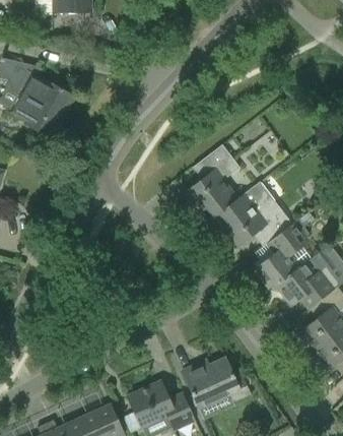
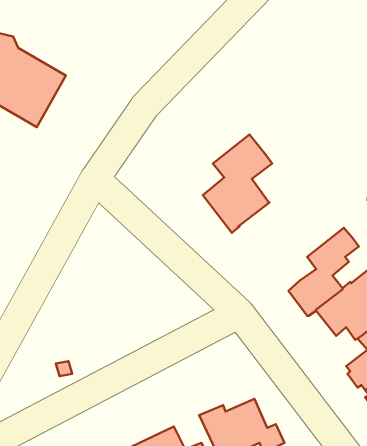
building: [213,185,293,248] -> none

